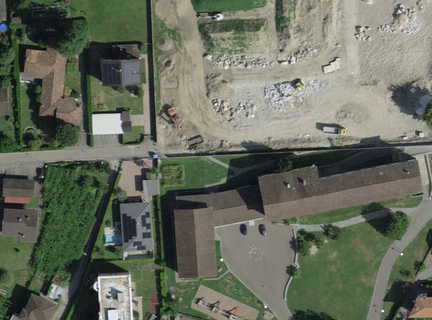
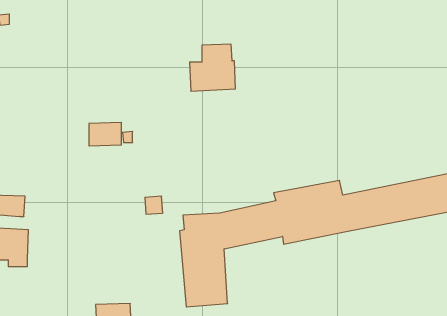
building: [24,44,82,126] -> none
building: [101,44,142,86] -> [190,44,235,91]
building: [120,201,153,251] -> none

